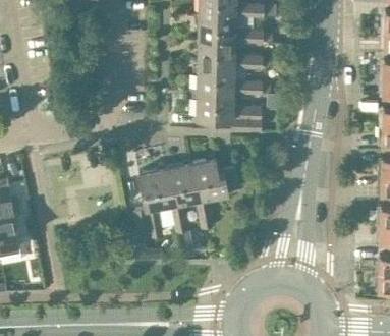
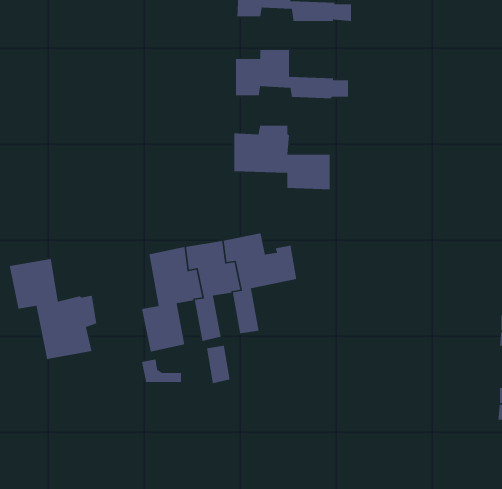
building: [198,6,273,41] -> none
building: [196,59,272,93] -> none
building: none -> [9,258,97,360]

